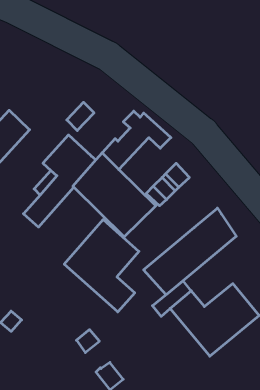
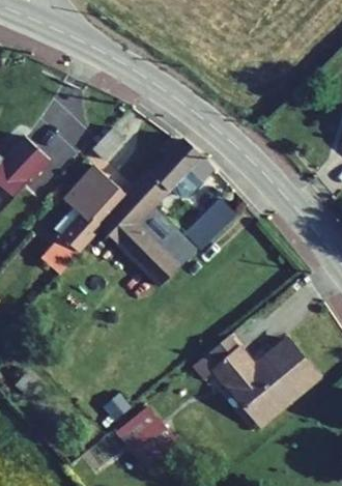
building: [144,208,236,295] -> none
building: [64,220,139,312] -> none
building: none -> [123,407,175,452]

